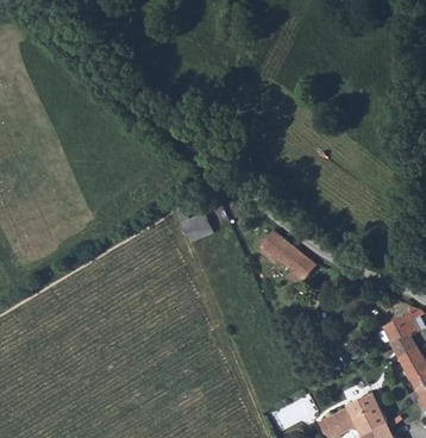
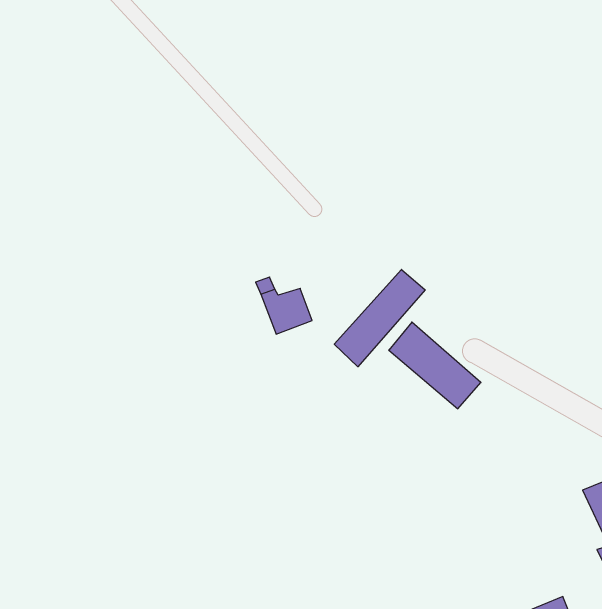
building: none -> [334,269,425,367]

